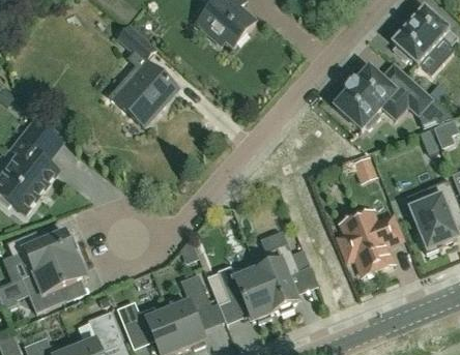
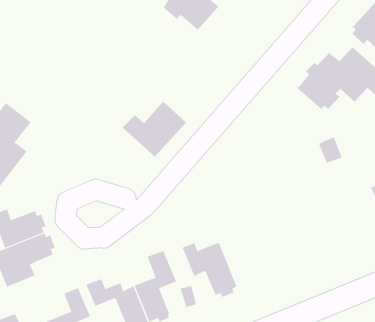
building: [116,23,157,62] -> none
building: [110,66,177,125] -> [122,100,187,157]
building: [338,210,401,274] -> none
building: [253,242,298,313] -> none

